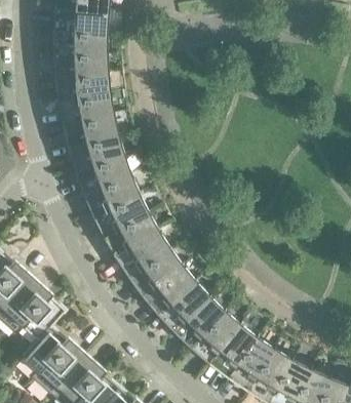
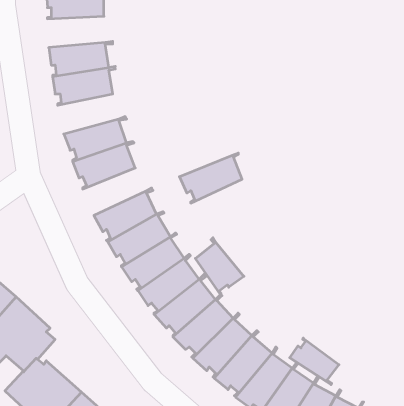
building: [57,49,109,75] -> none
building: [66,111,117,146] -> none
building: [86,171,138,212] -> [179,153,242,203]
building: none -> [195,238,244,294]
building: none -> [290,338,339,385]

